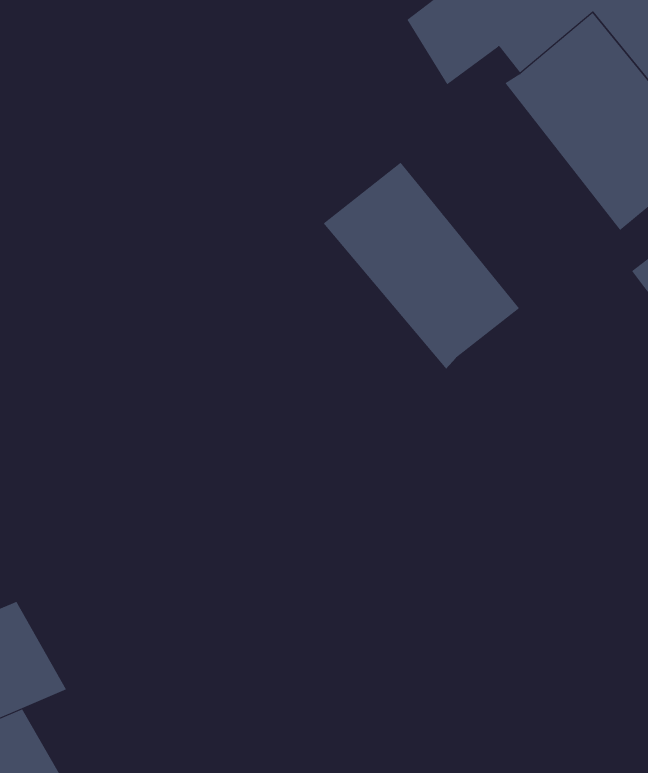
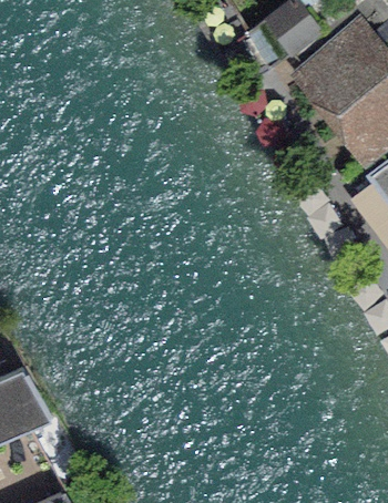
building: [323,162,520,370] -> none

